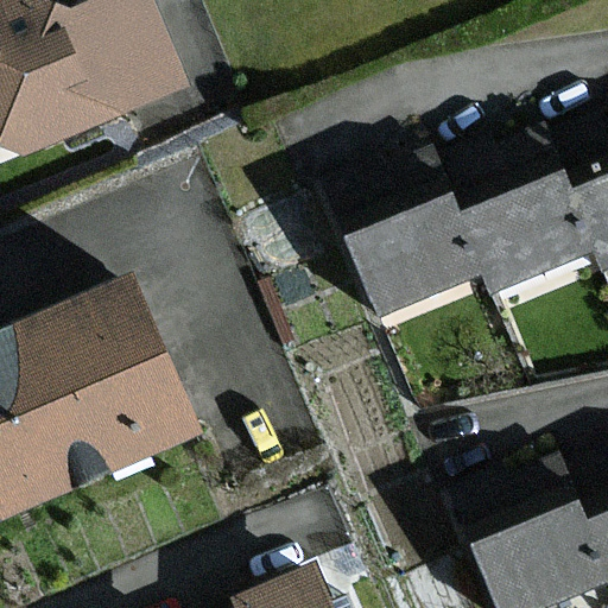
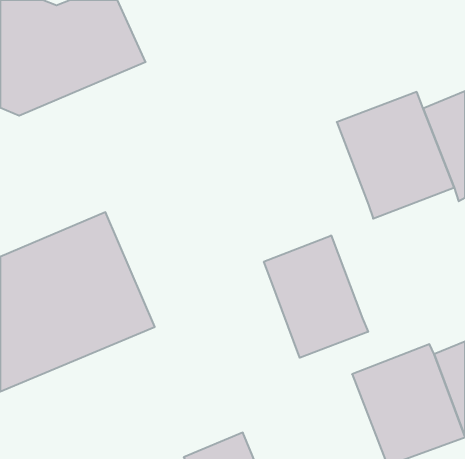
building: [332,154,481,314] -> none
building: none -> [264,235,368,358]

